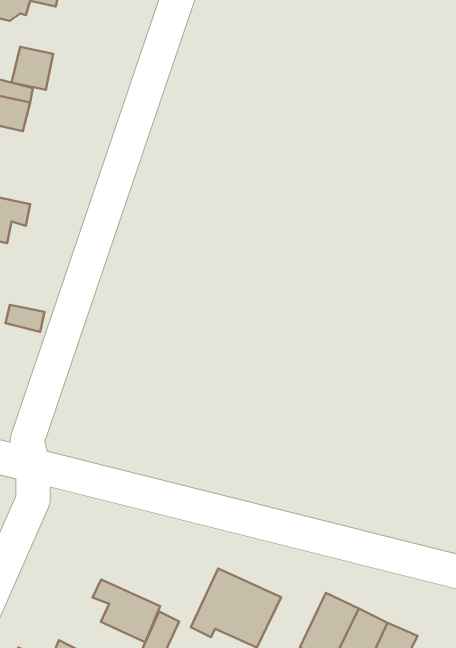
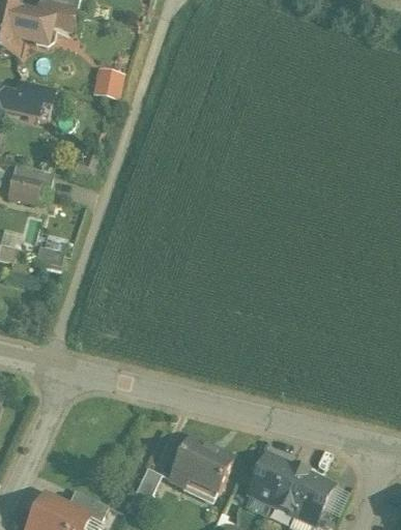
building: [11,47,53,90] -> [92,68,122,99]
building: [93,579,160,642] -> none

